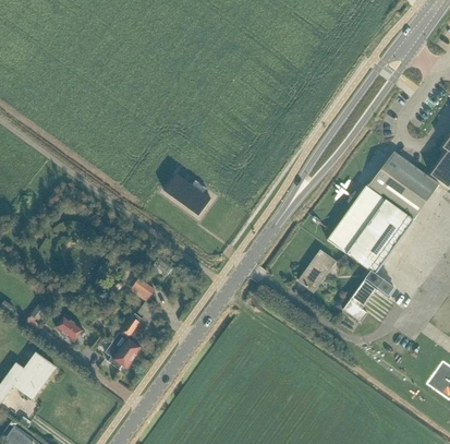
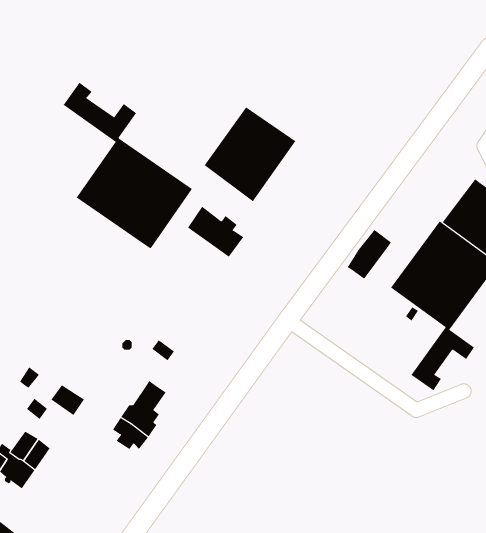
building: none -> [63,82,193,249]
building: none -> [204,106,296,202]
building: [299,250,335,290] -> [347,229,392,279]

